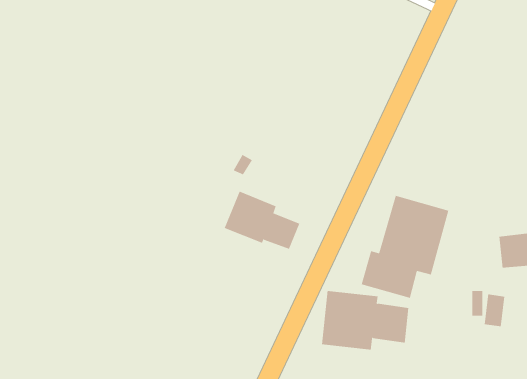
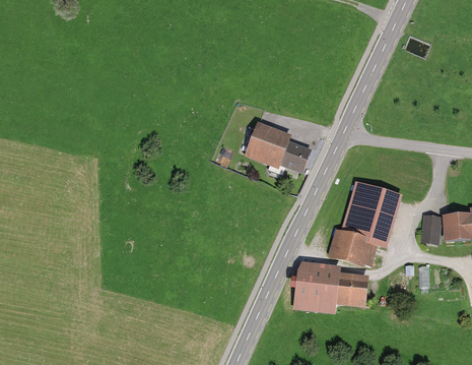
building: [224,191,300,249] -> [244,121,310,172]
building: [484,294,505,327] -> [422,215,441,243]

